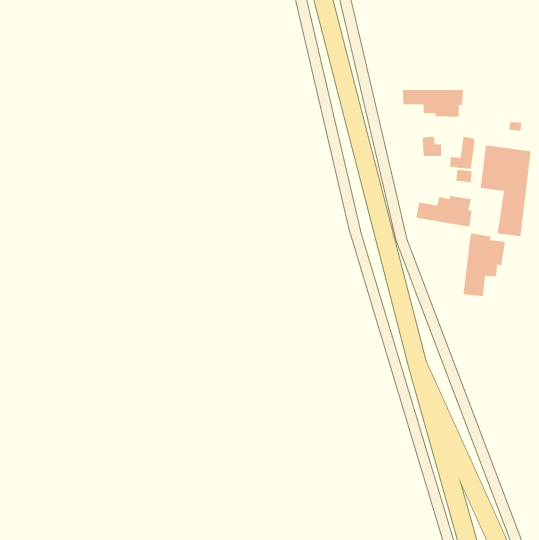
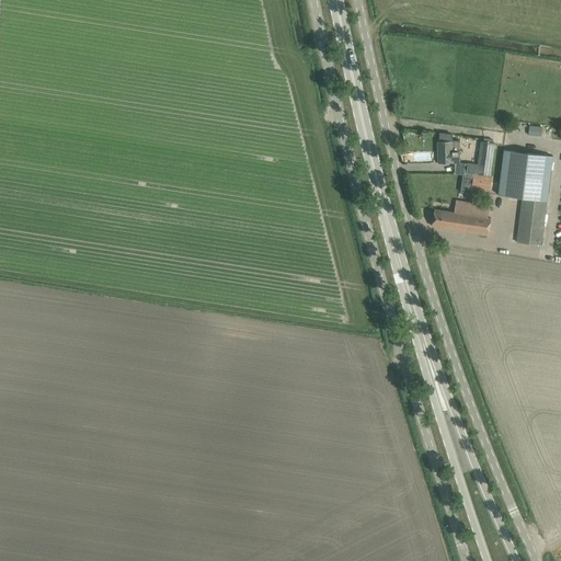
building: [403,89,463,117] -> none
building: [463,233,505,297] -> none

